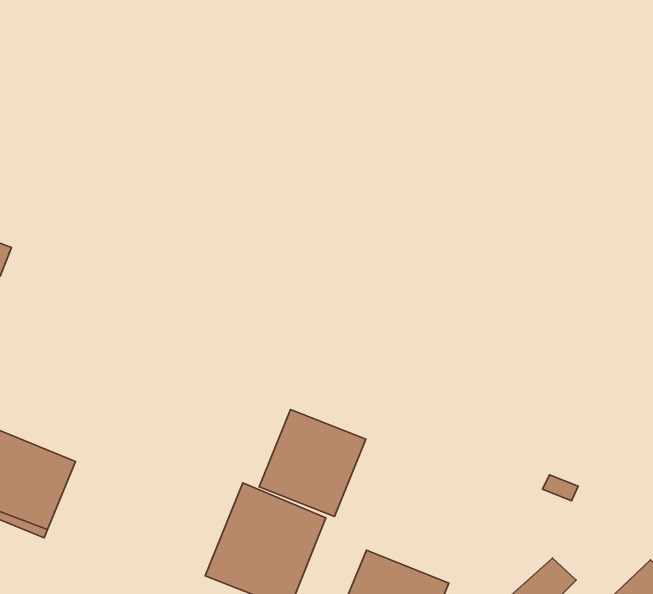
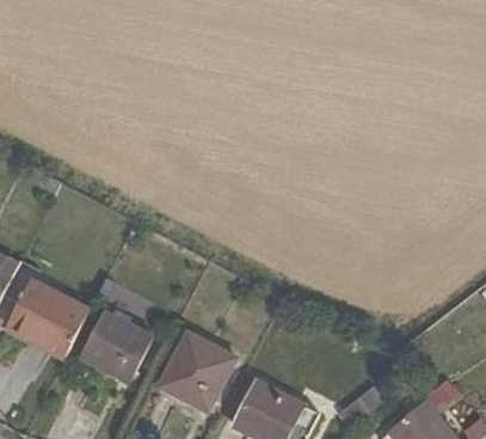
building: [259,409,366,517] -> none
building: none -> [80,307,153,380]

